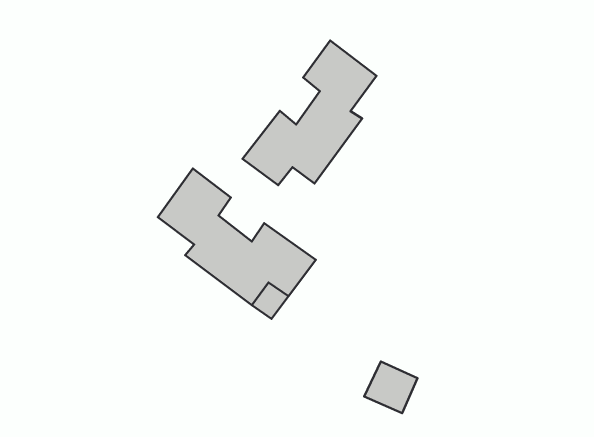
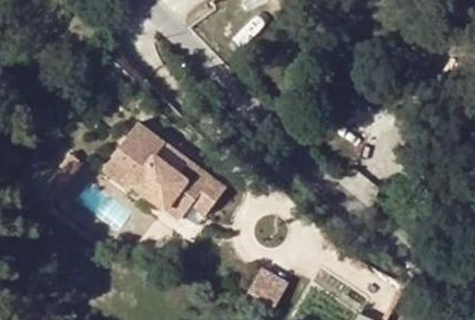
building: [242,40,376,185] -> none

